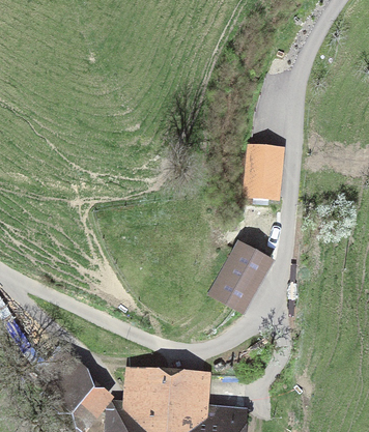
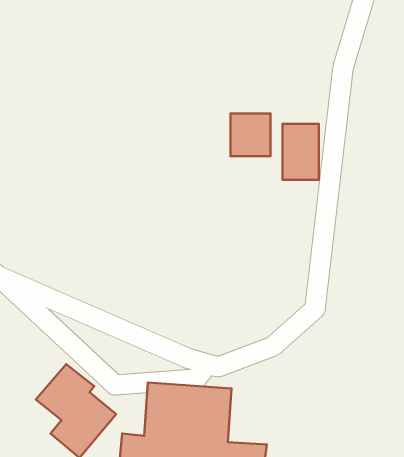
building: none -> [231,114,271,156]
building: [214,244,269,311] -> none

